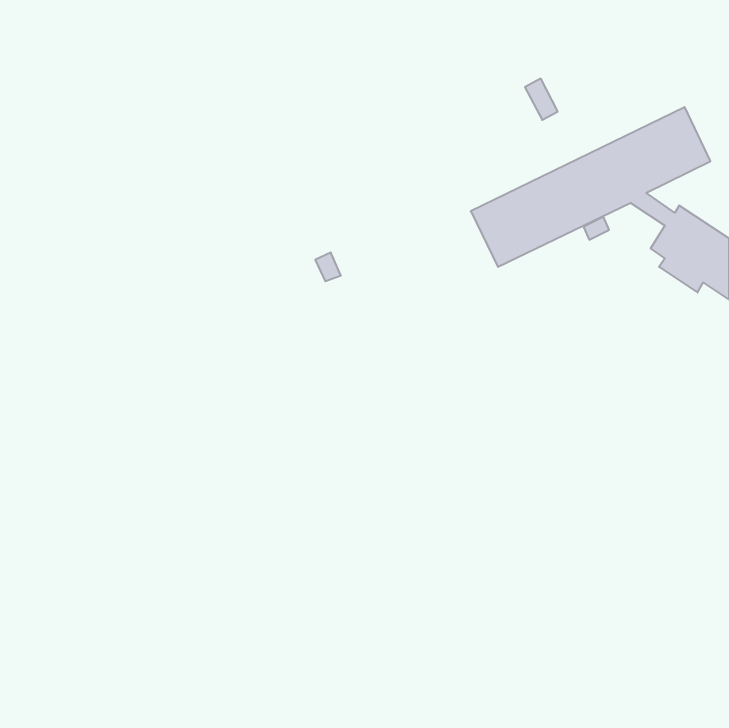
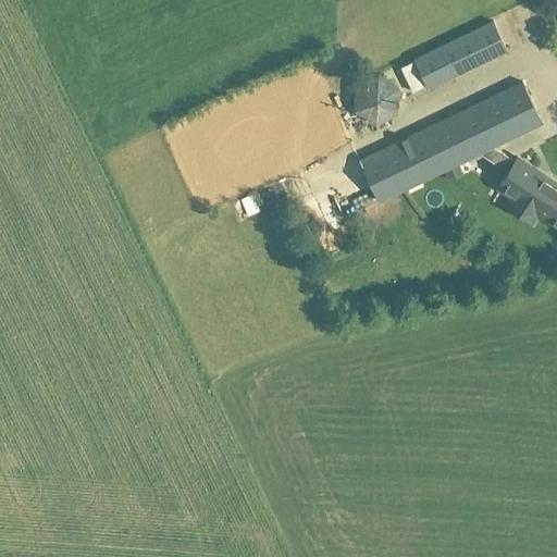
building: none -> [414,21,507,89]
building: none -> [356,76,397,123]

